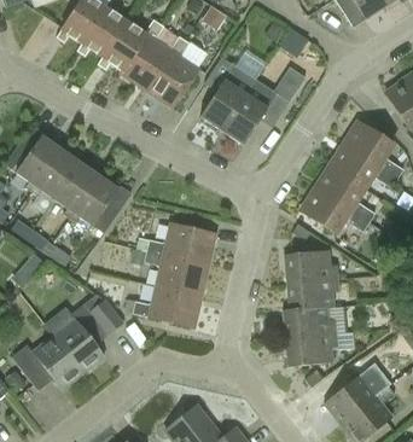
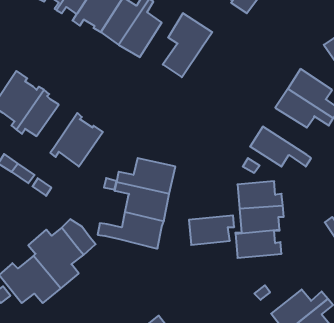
building: [221,68,304,145] -> none
building: [54,162,101,217] -> none
building: [314,165,376,223] -> none
building: [285,333,337,367] -> [189,215,234,245]

